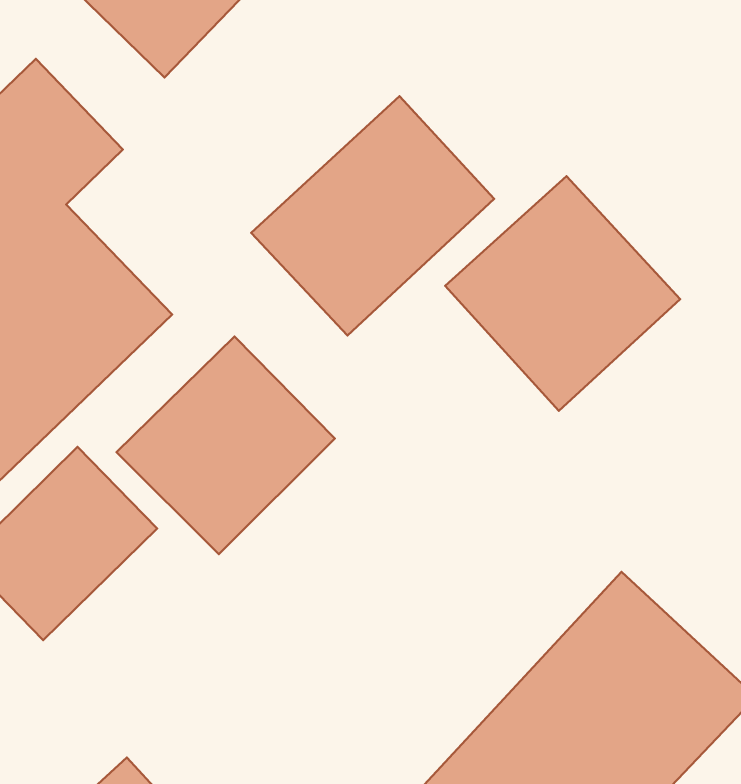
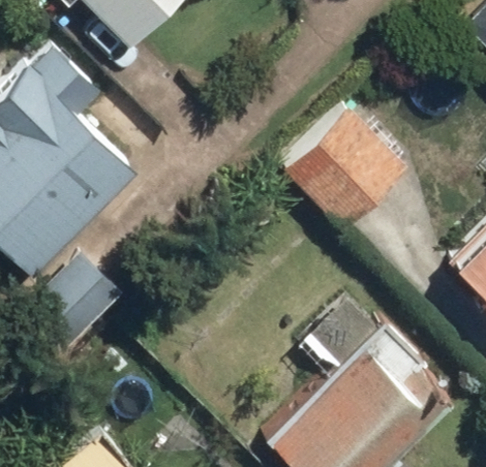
building: [251,96,494,335] -> none
building: [117,336,335,554] -> none

